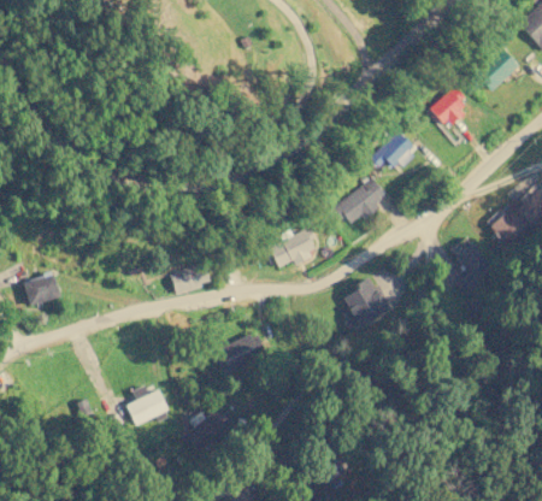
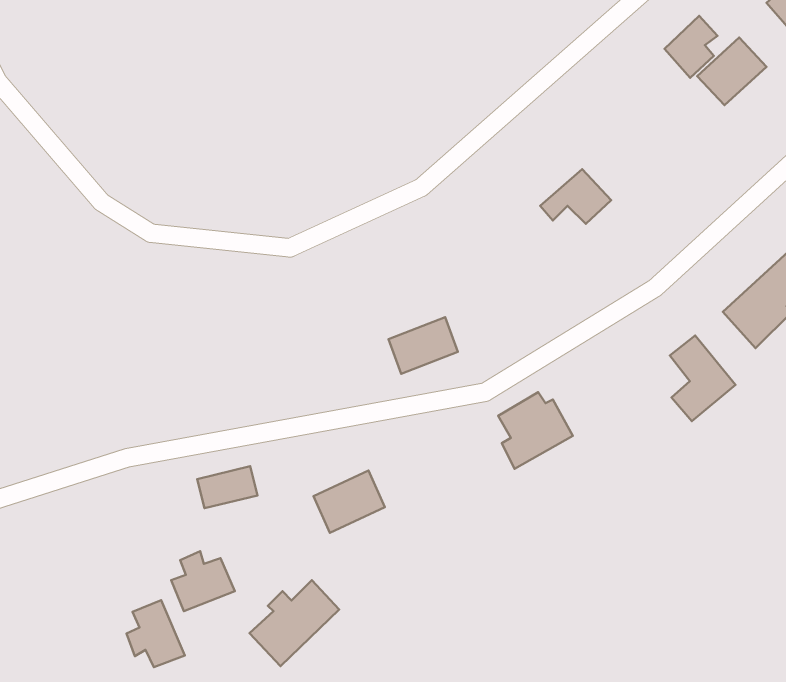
building: [431,86,466,126] -> [665,16,718,78]
building: [334,177,387,226] -> none
building: [171,264,211,291] -> [197,466,258,508]
building: [24,275,60,303] -> none
building: none -> [126,600,185,667]

